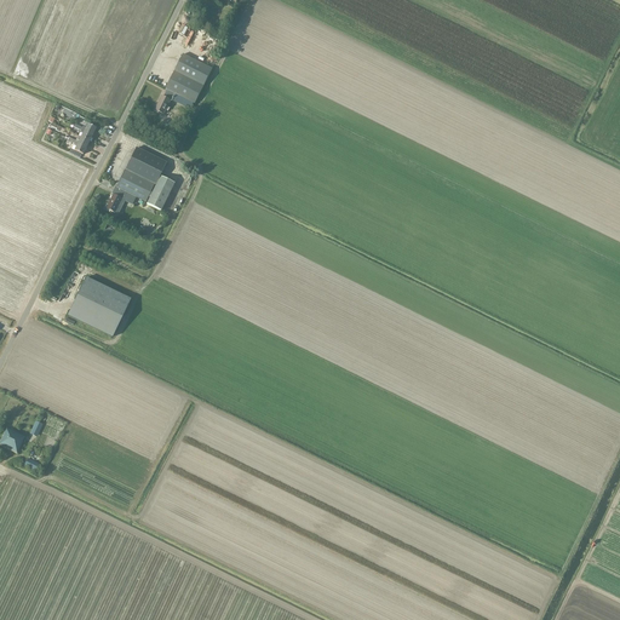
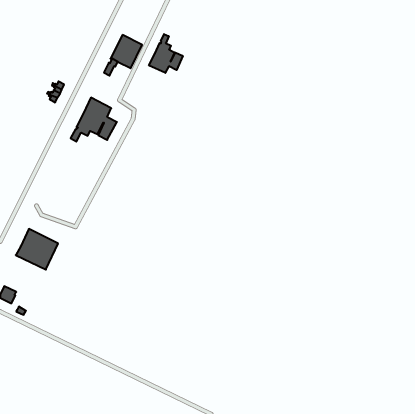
building: none -> [149,34,183,73]
building: [67,275,130,335] -> [16,229,58,270]

